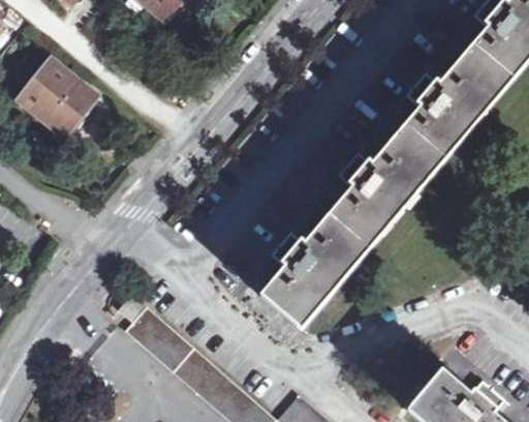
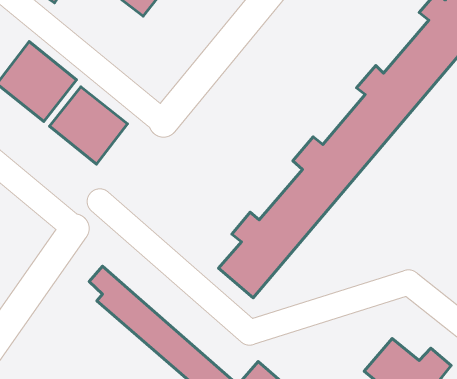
building: none -> [50,87,127,164]

